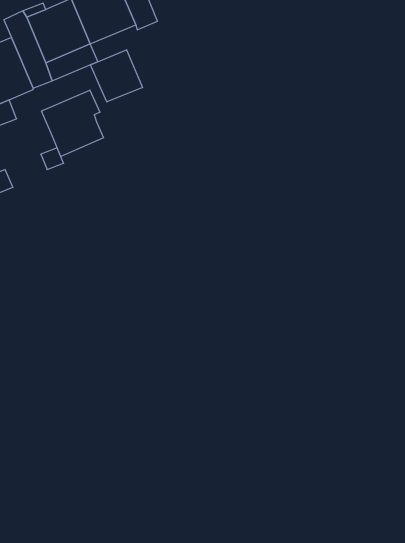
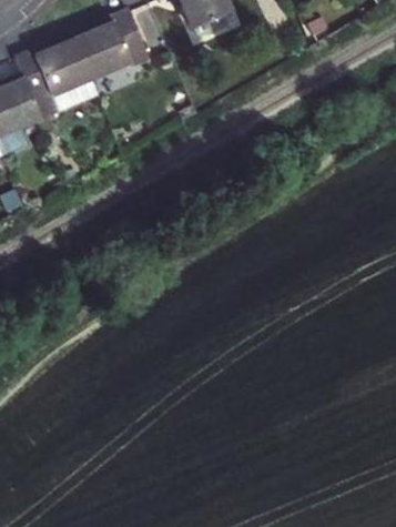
building: [90,50,142,102] -> none
building: [42,90,103,156] -> none

